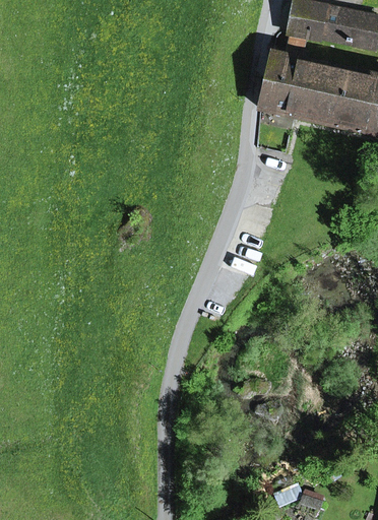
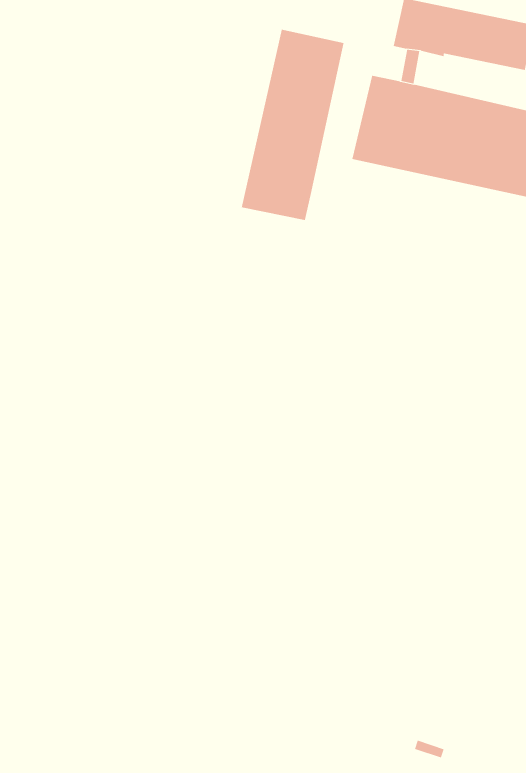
building: none -> [241,29,344,221]

